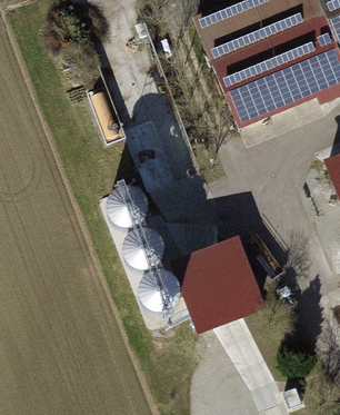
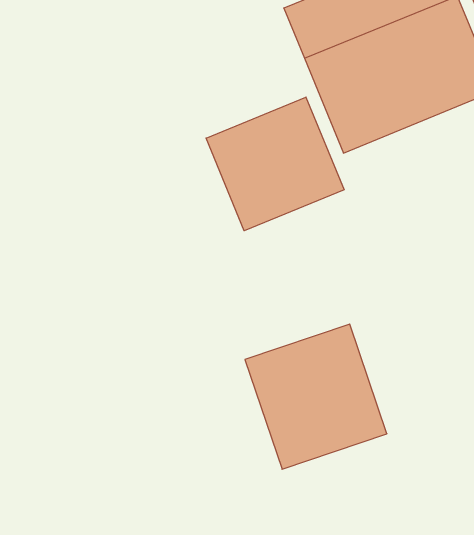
building: none -> [206,97,344,231]

